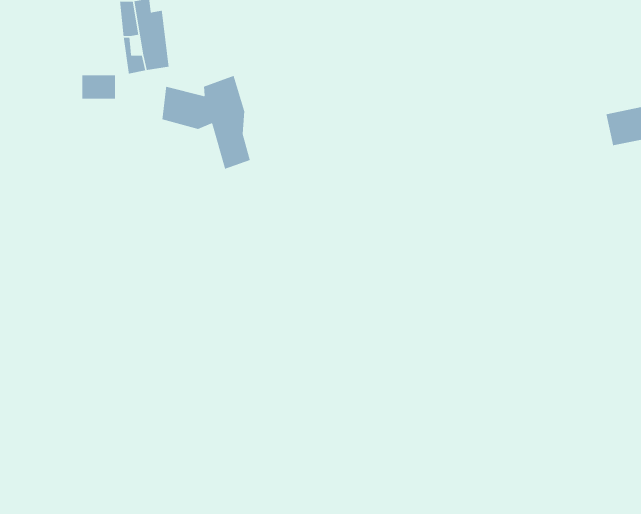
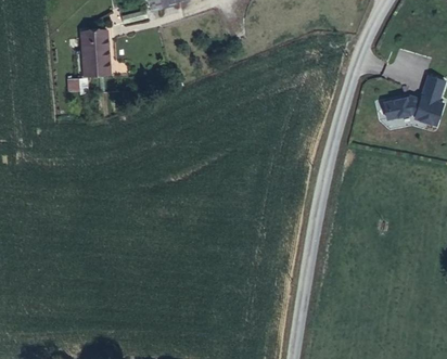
building: [161,75,251,170] -> none

